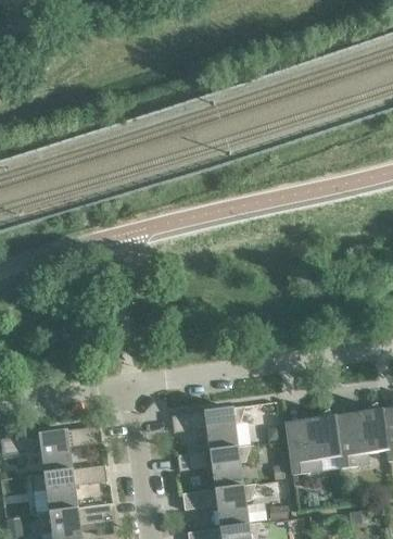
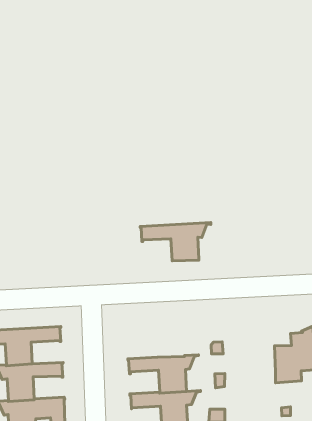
building: [170,404,248,450] -> [140,222,211,261]
building: [286,409,339,474] -> none

